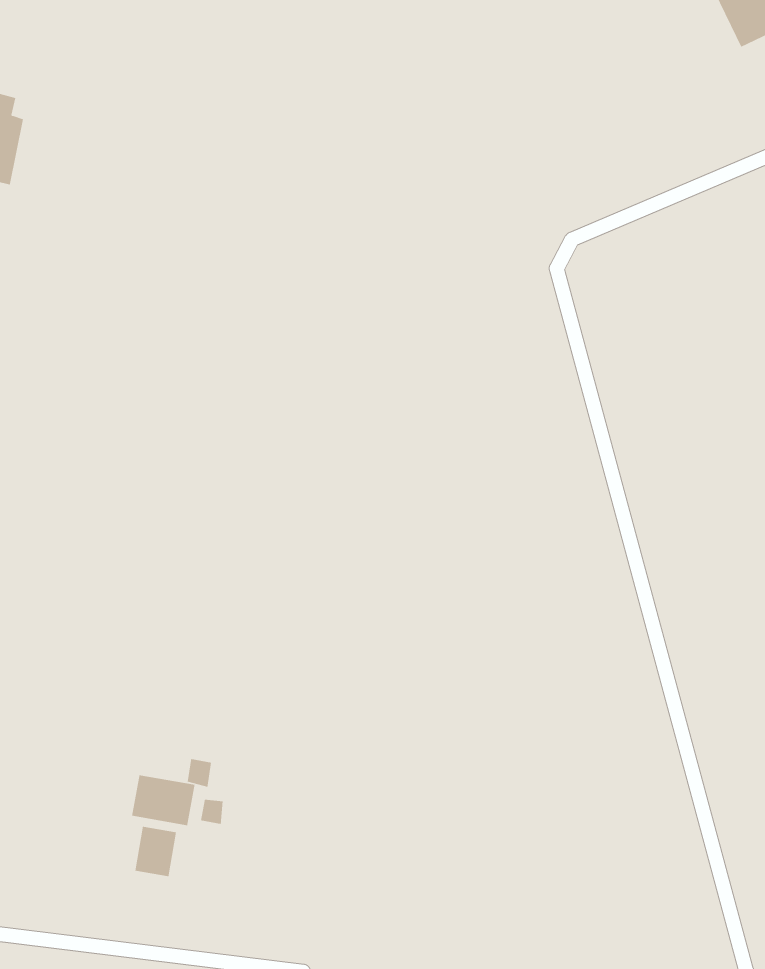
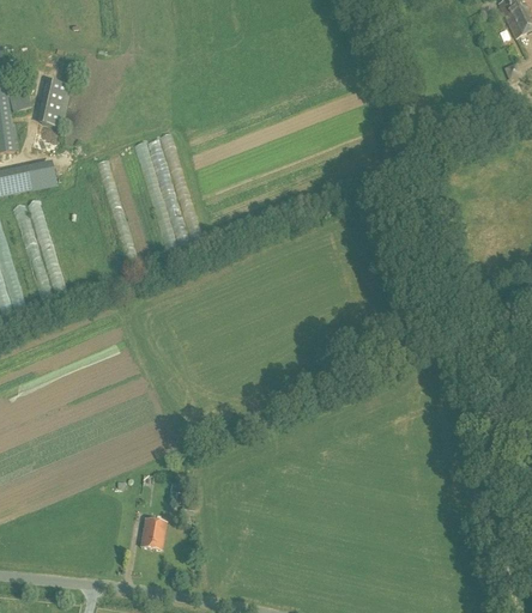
building: [132,775,195,826] -> none

